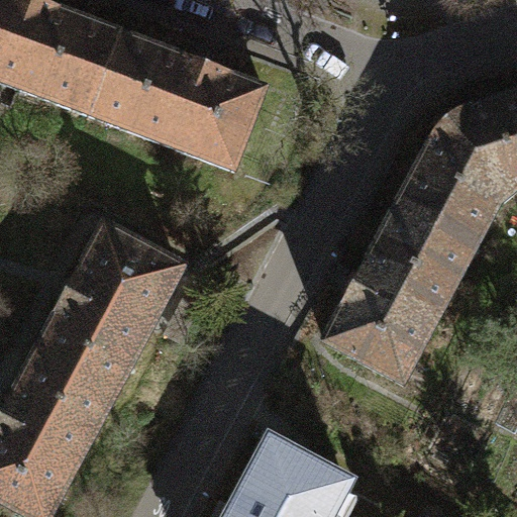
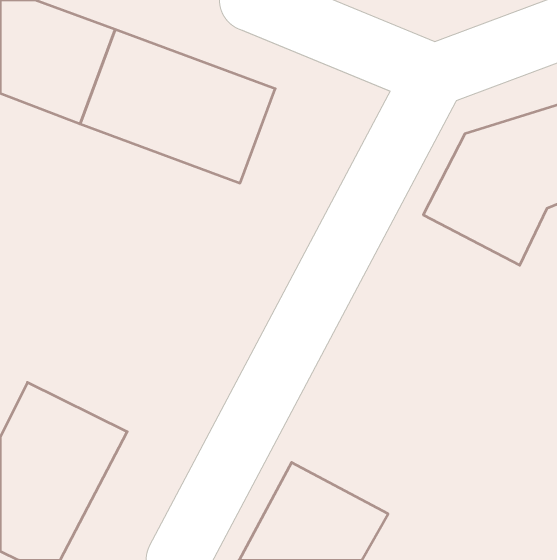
building: [318,198,482,387] -> none
building: [28,217,188,398] -> none

